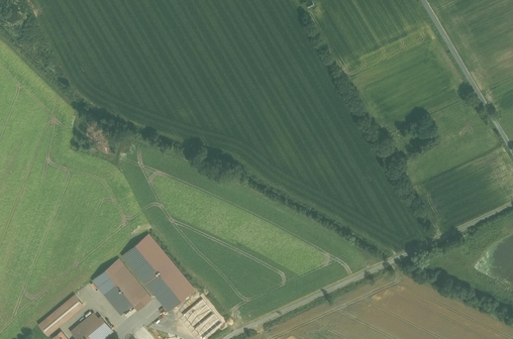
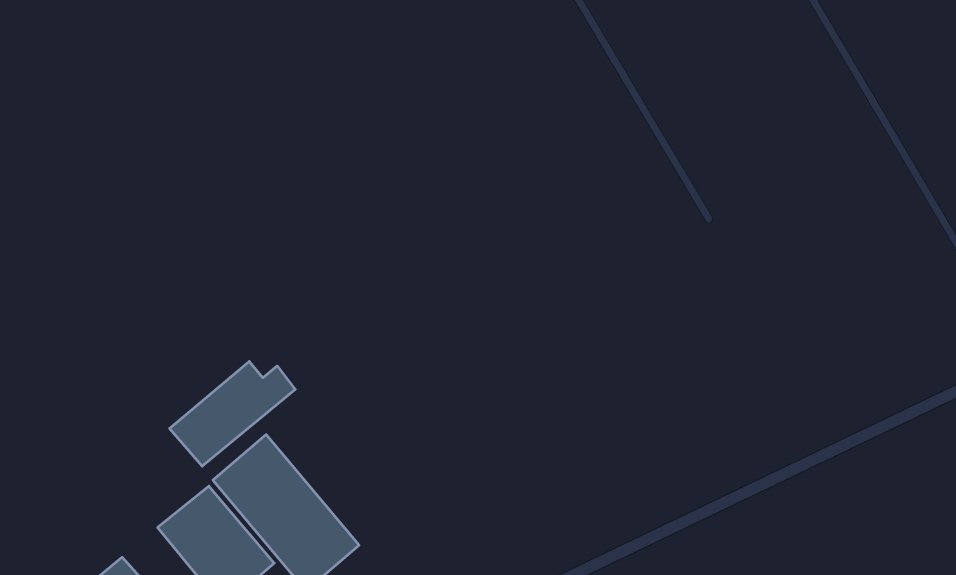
building: none -> [170,361,295,466]

